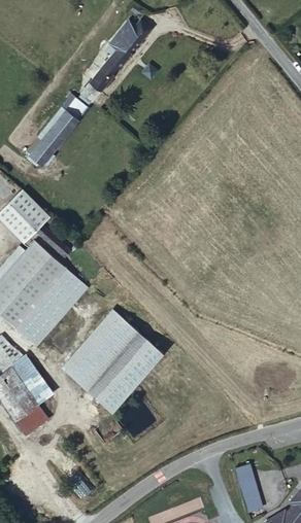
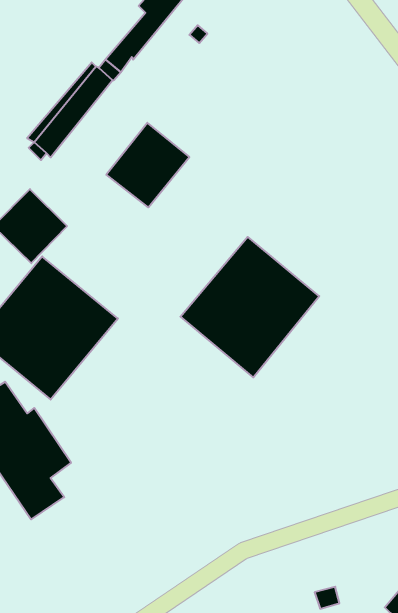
building: none -> [106,123,189,207]
building: [62,309,166,414] -> [180,237,319,377]
building: [232,464,253,491] -> none

